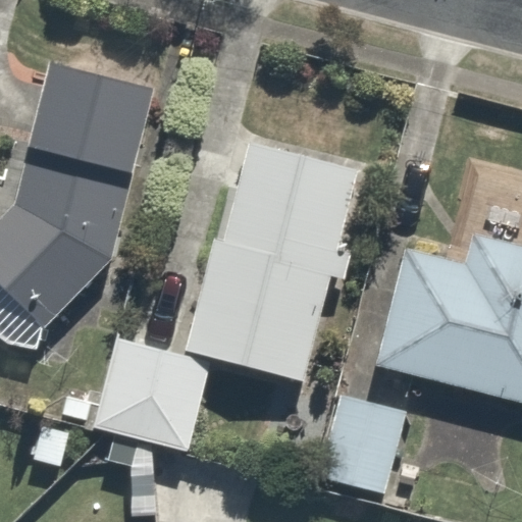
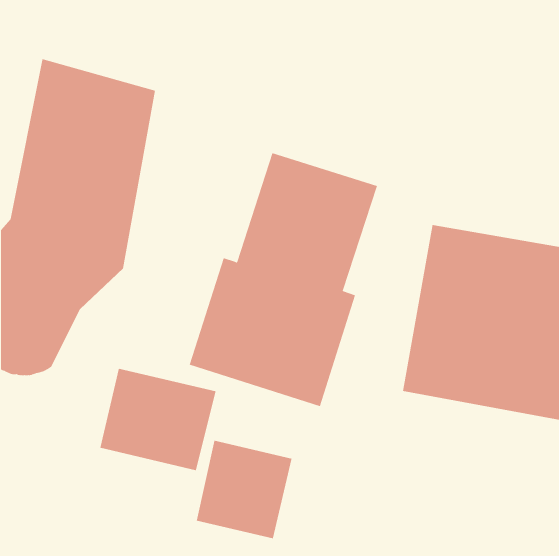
building: [316,394,408,492] -> none
building: none -> [196,440,292,539]

